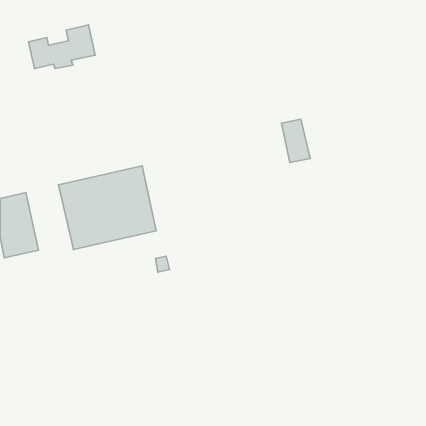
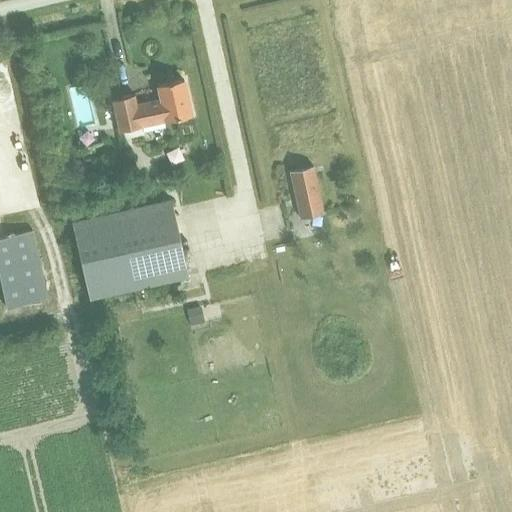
building: [28,25,95,69] -> [112,81,192,133]
building: [282,119,310,163] -> [290,167,324,219]

